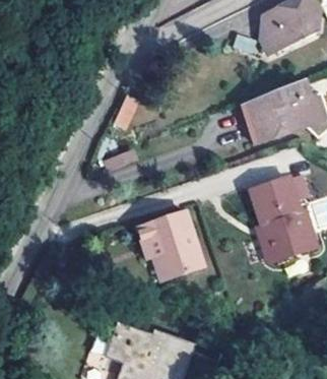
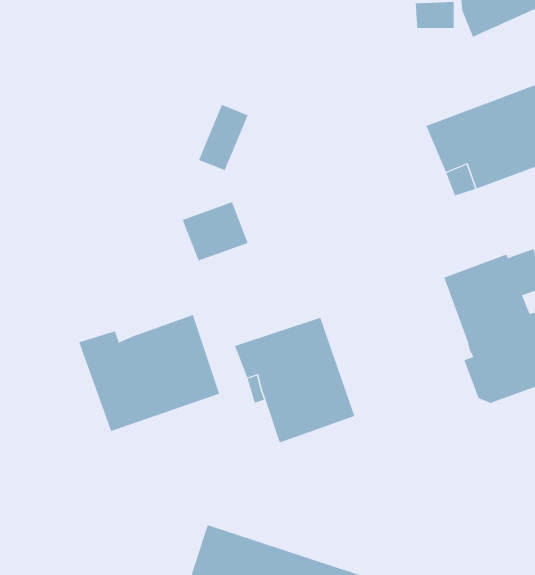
building: none -> [78,314,220,432]

